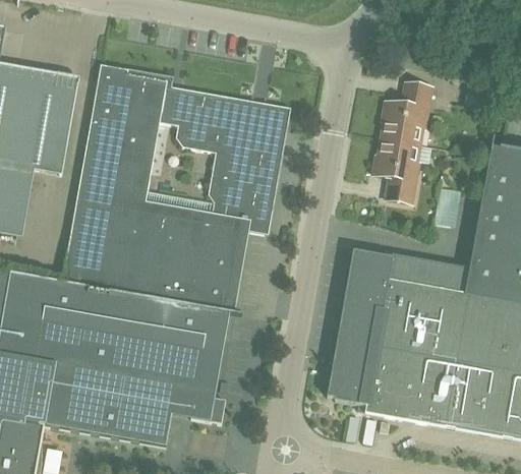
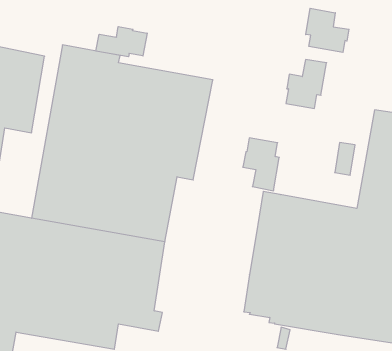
building: none -> [306,8,349,52]
building: none -> [96,27,147,57]
building: [373,137,419,203] -> [243,138,279,191]

